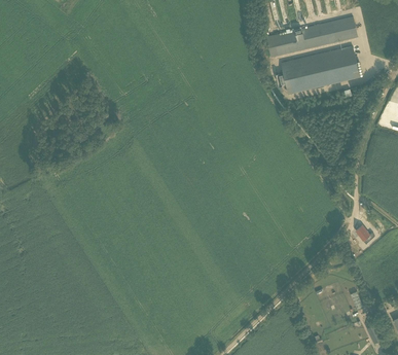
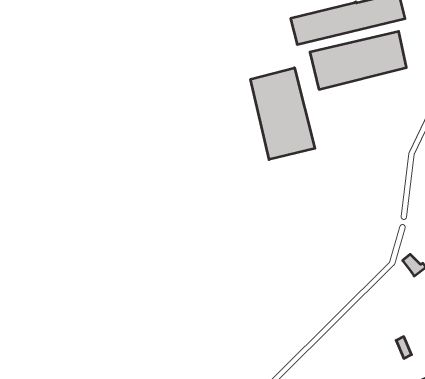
building: none -> [251,68,315,160]

